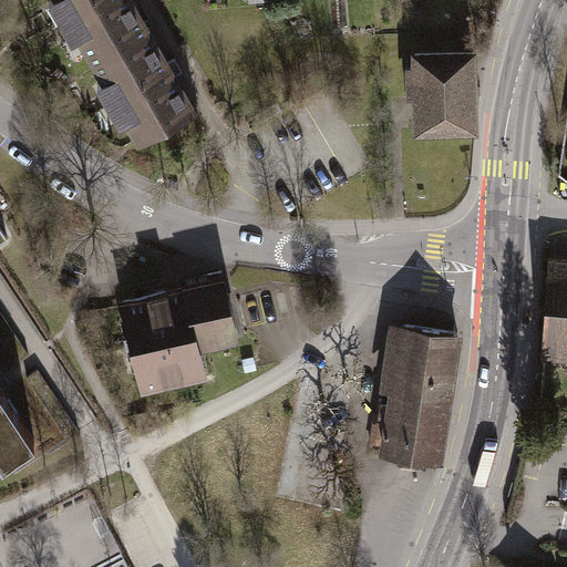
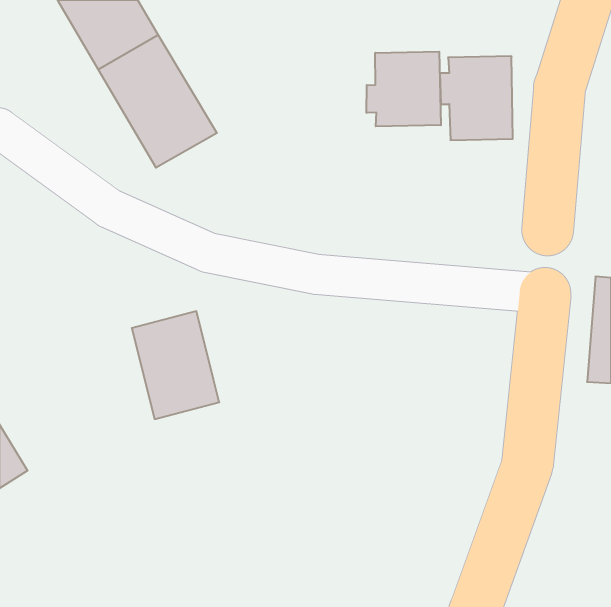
building: none -> [367,52,441,126]
building: [182,282,240,354] -> none
building: [377,324,462,465] -> none

